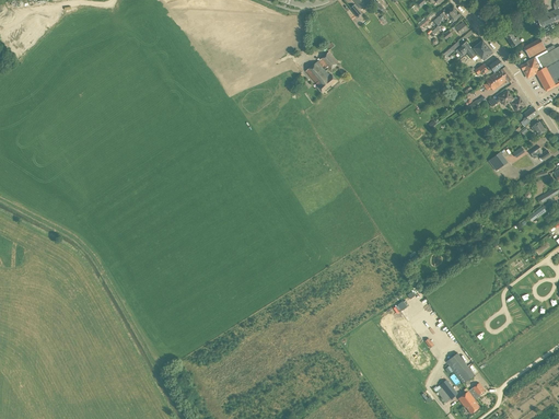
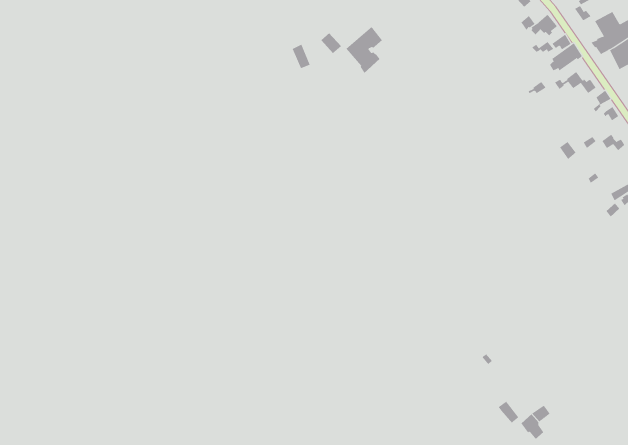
building: [445,352,475,384] -> none

